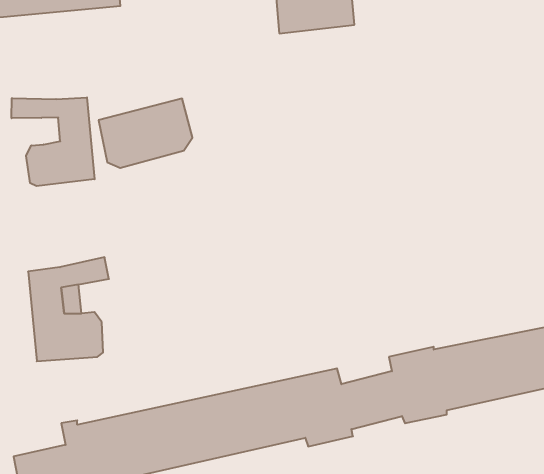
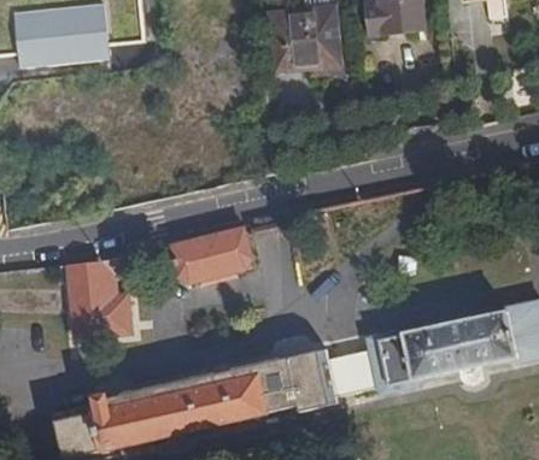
building: [12,97,95,186] -> none
building: [99,99,192,168] -> [171,226,250,284]

